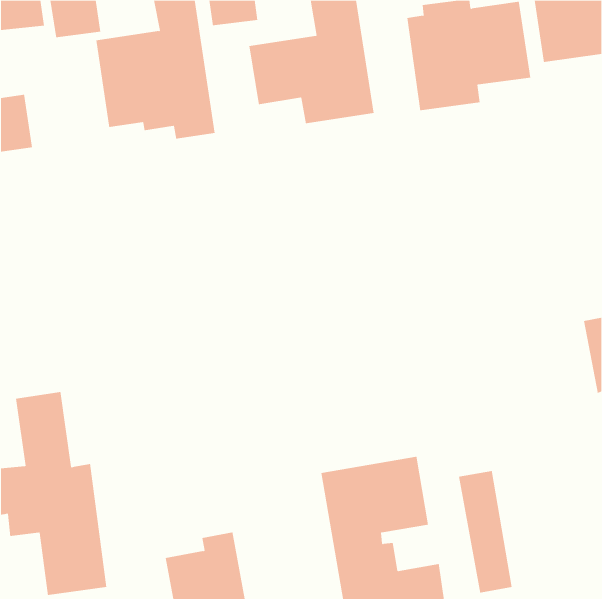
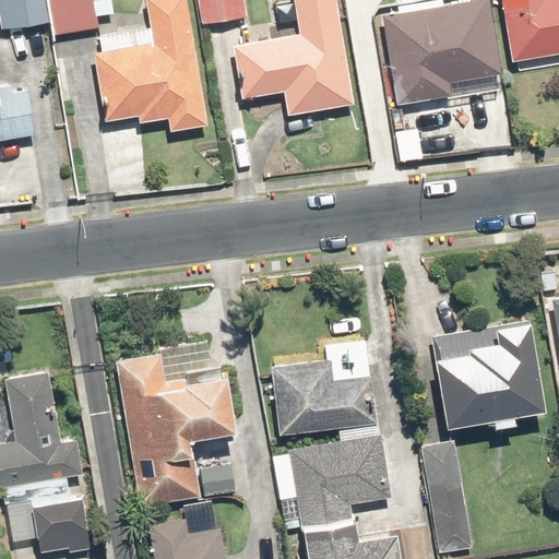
building: none -> [413,328,537,429]
building: none -> [121,334,243,501]
building: none -> [276,335,384,430]

